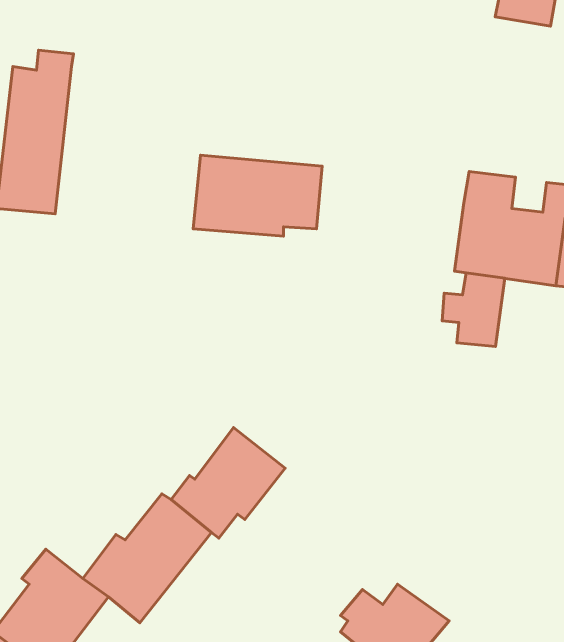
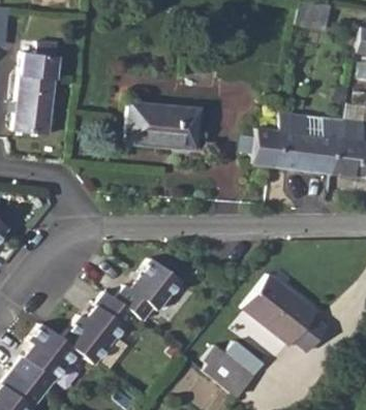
building: [442,273,505,346] -> [242,126,277,167]
building: none -> [242,275,325,351]

